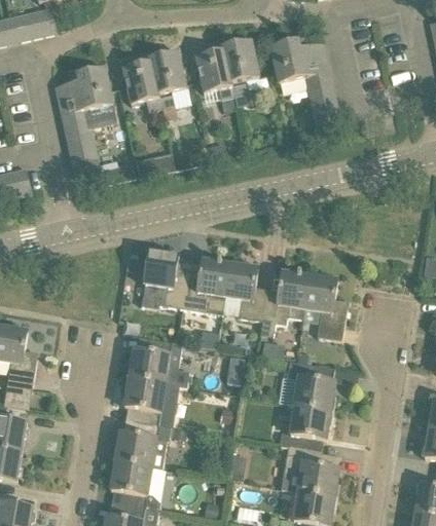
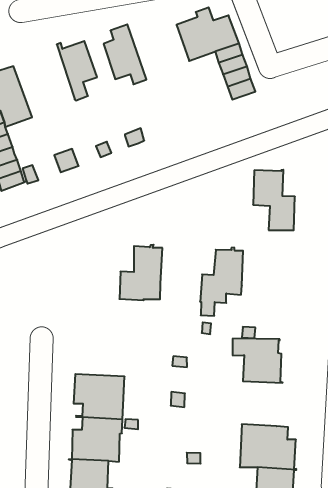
building: [221,38,258,105] -> none
building: [122,50,160,110] -> none
building: [141,250,185,308] -> none
building: [223,263,265,321] -> none
building: [303,275,346,339] -> [253,170,295,230]
building: [126,335,188,387] -> none
building: [279,404,332,452] -> none

